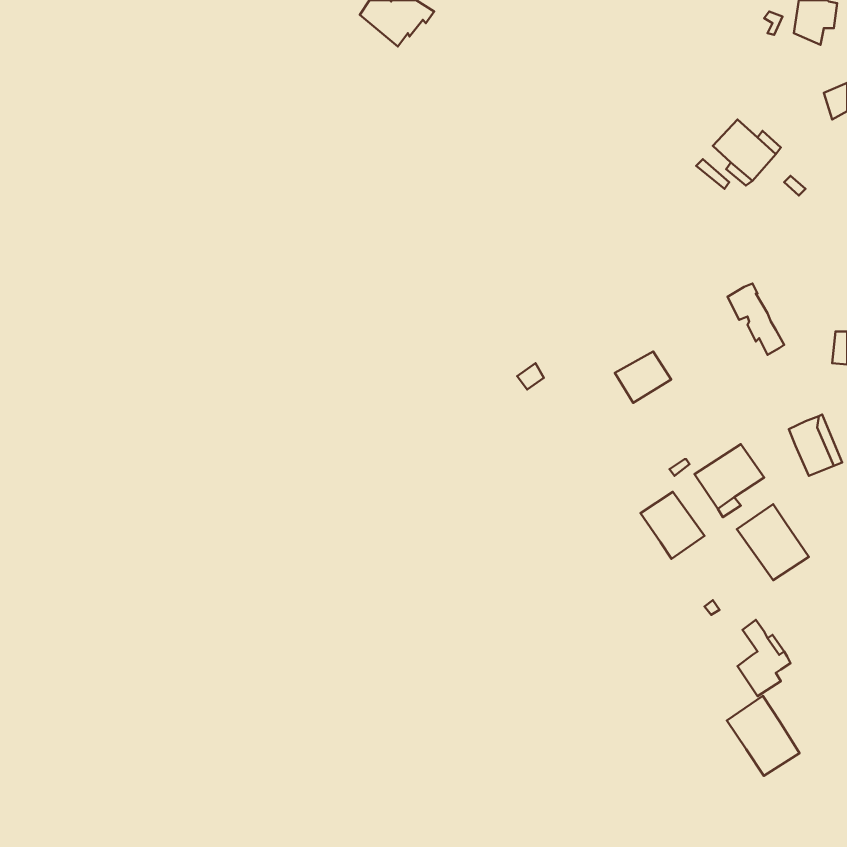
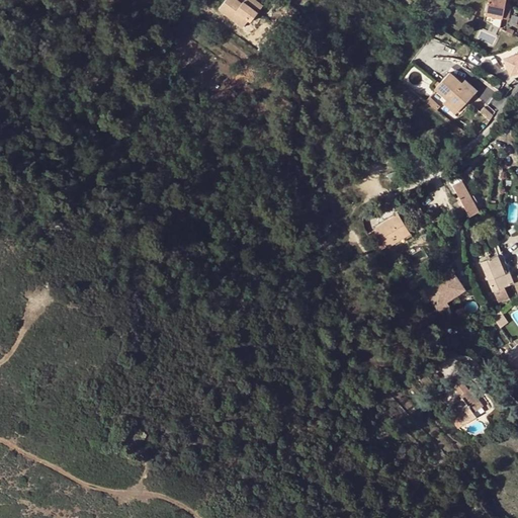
building: [640,492,705,559] -> none
building: [737,504,809,580] -> none
building: [727,696,799,776] -> none

